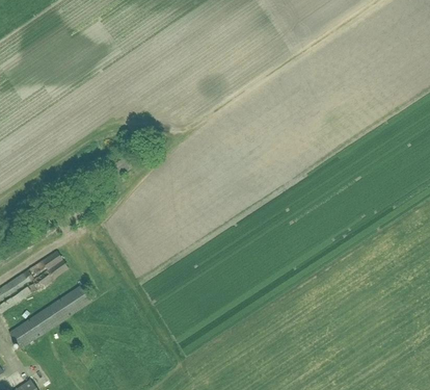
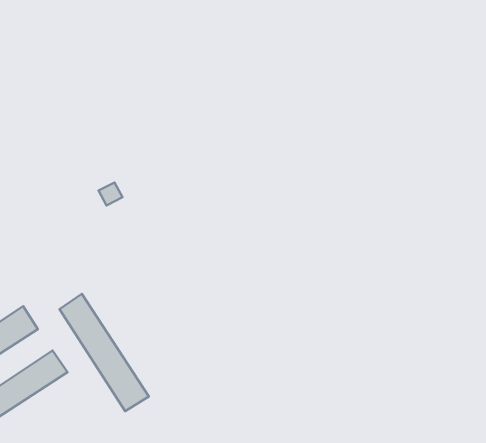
building: none -> [59,294,149,411]

